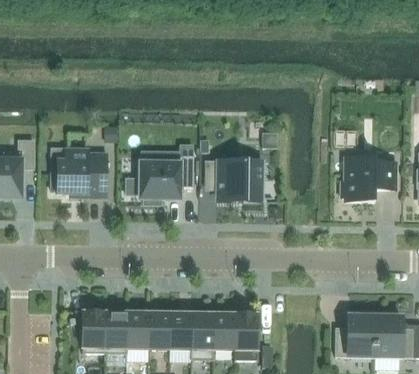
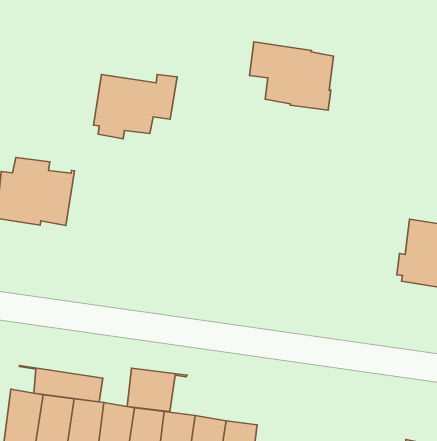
building: [139,156,193,204] -> [93,74,177,139]
building: [204,159,262,200] -> [249,42,334,110]
building: none -> [127,368,187,412]
building: none -> [19,365,103,402]

